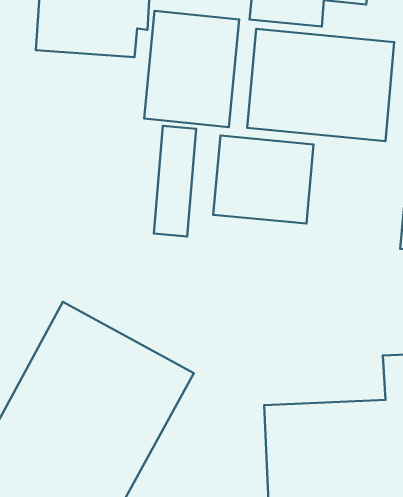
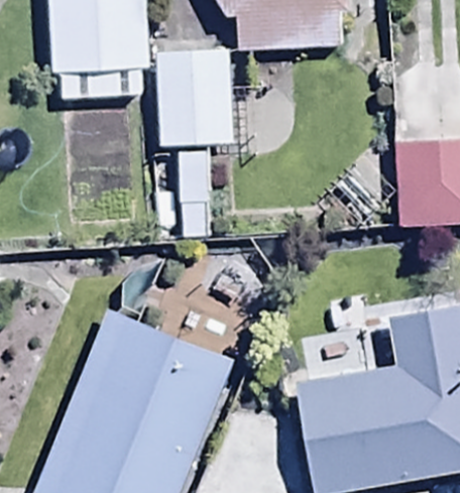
building: [247,29,394,141] -> none
building: [213,136,314,224] -> none

